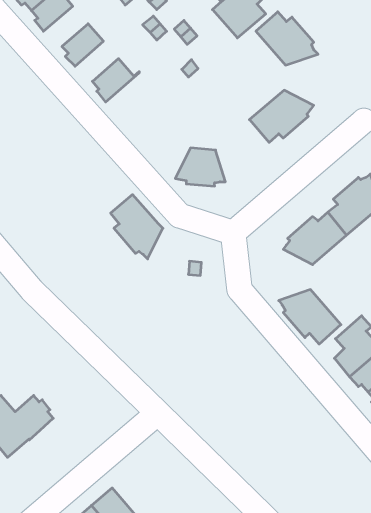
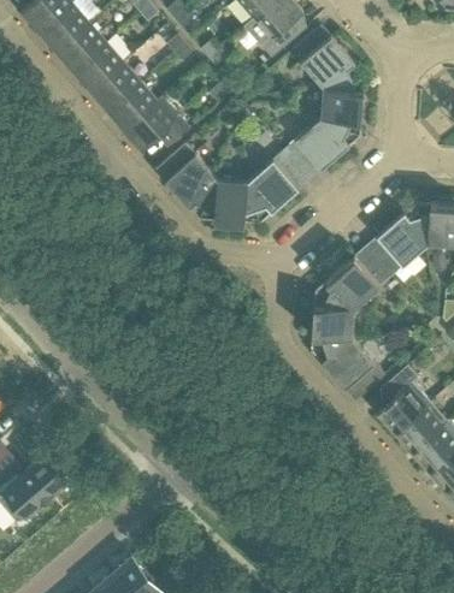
building: none -> [57,24,106,69]
building: none -> [92,63,140,107]
building: none -> [323,77,365,134]
building: none -> [125,97,190,148]
building: none -> [247,149,306,218]
building: [111,195,163,259] -> [161,143,219,214]
building: none -> [312,292,354,349]

